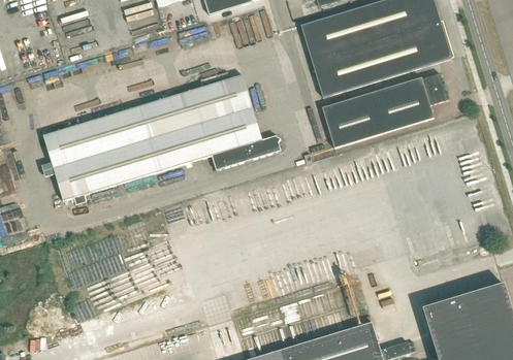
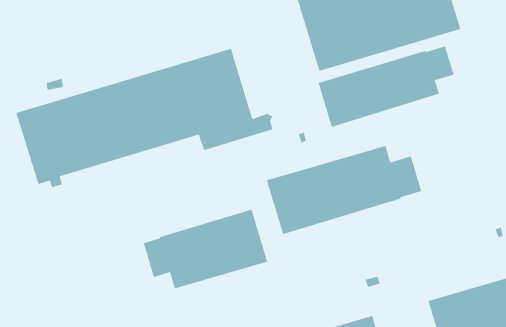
building: none -> [266,145,422,235]
building: none -> [143,209,268,289]

